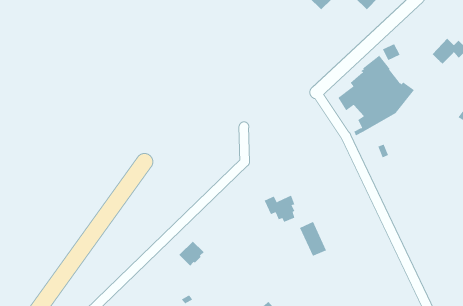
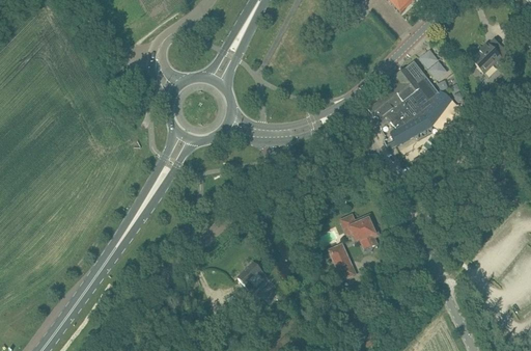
building: [264,195,295,223] -> [340,215,374,245]
building: [179,241,204,266] -> [239,263,267,291]

